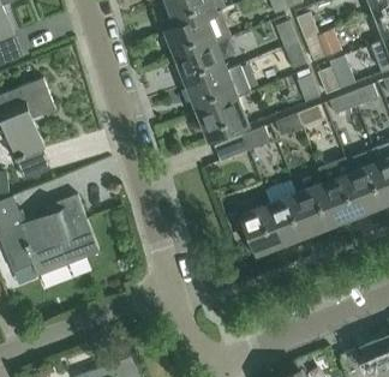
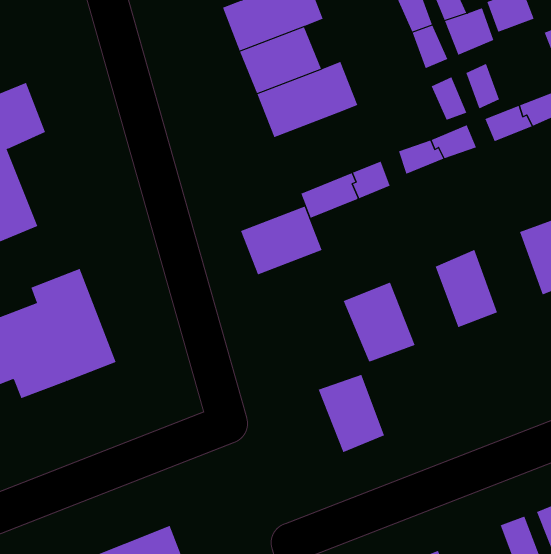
building: [197,97,249,140] -> [240,206,323,275]
building: [318,157,365,222] -> none
building: [270,193,312,243] -> [318,374,385,453]

